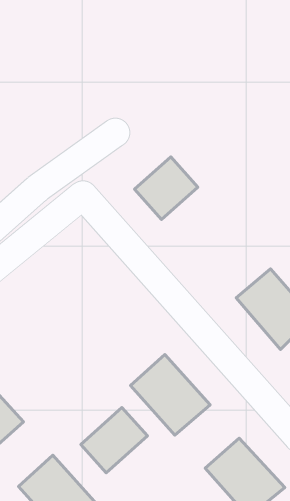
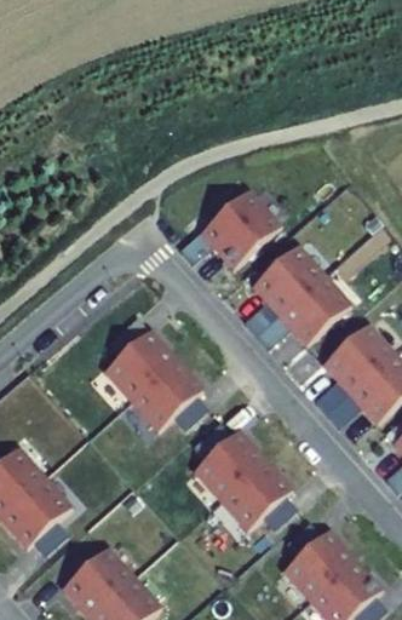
building: none -> [251,247,346,344]
building: none -> [105,329,201,426]
building: [81,407,147,473] -> none

